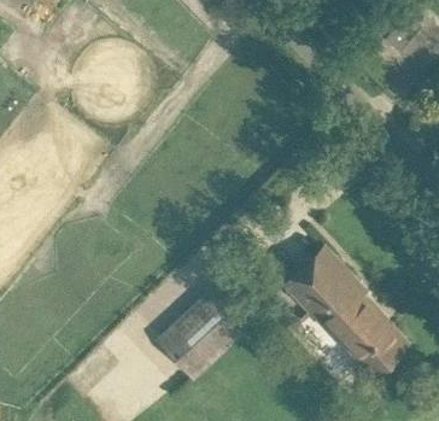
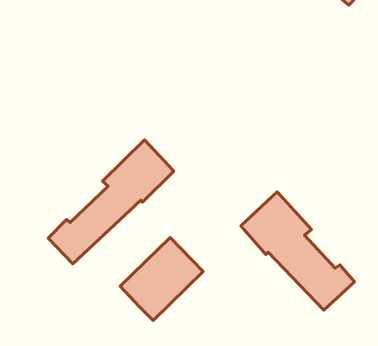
building: none -> [48,140,174,264]

